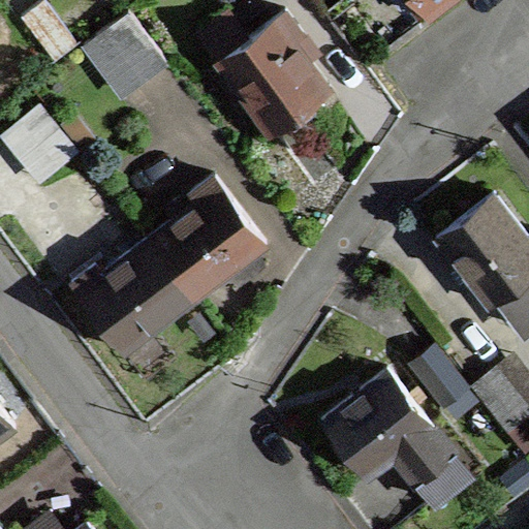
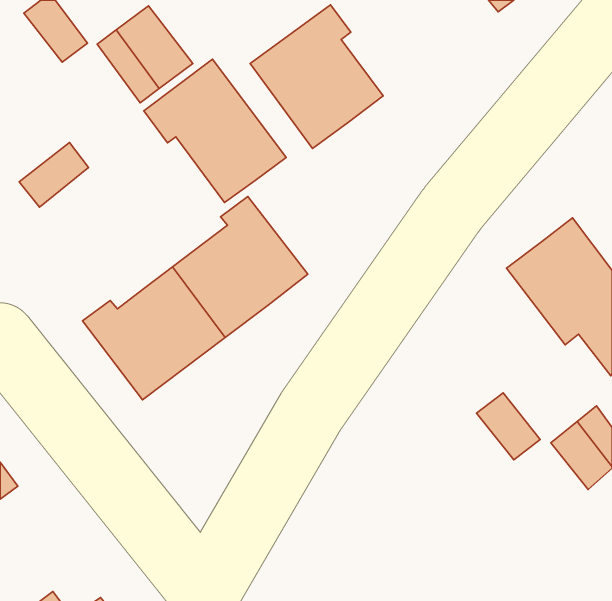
building: none -> [144,59,286,202]
building: [321,370,480,505] -> none

